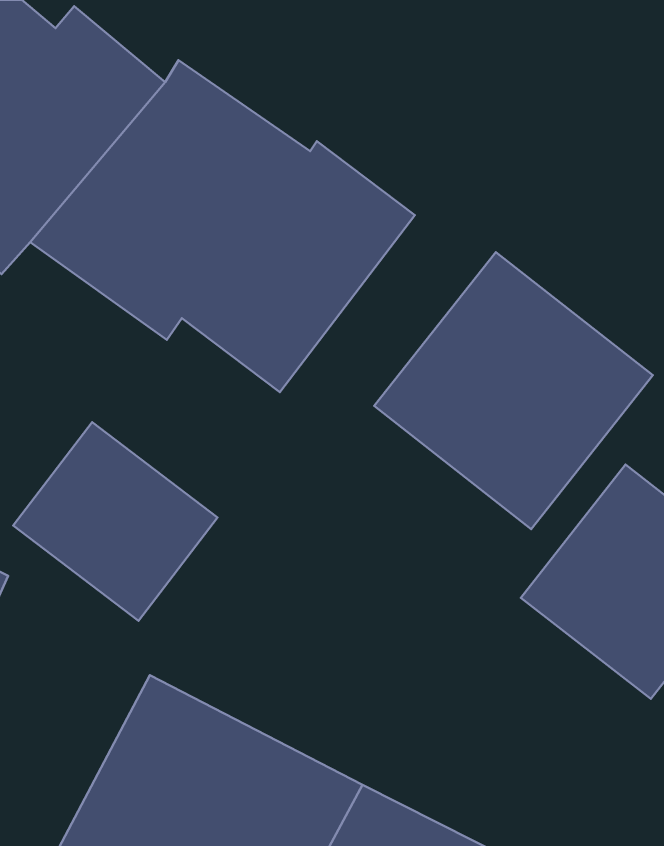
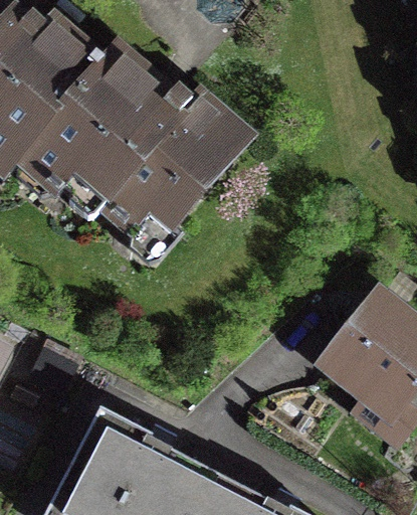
building: [374,252,653,529] -> none
building: [13,422,218,621] -> none

